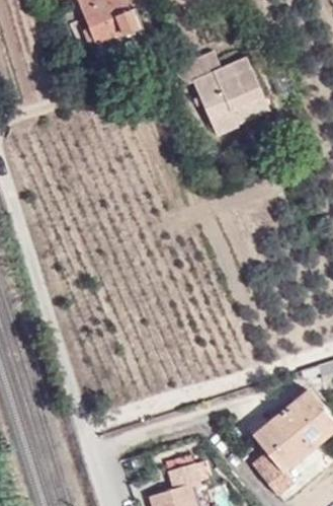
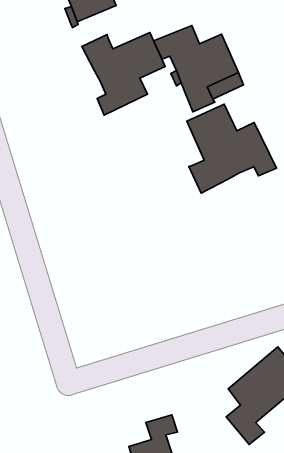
building: none -> [82,32,165,115]
building: none -> [187,104,277,193]

